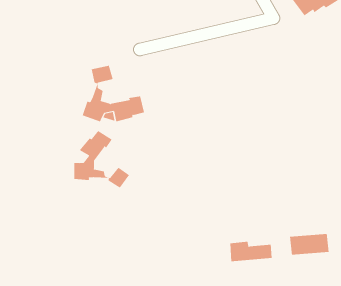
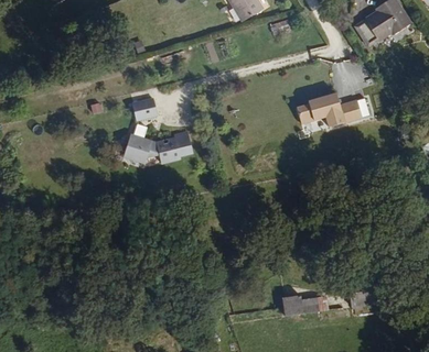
building: none -> [292,89,357,123]
building: [74,130,130,188] -> none

